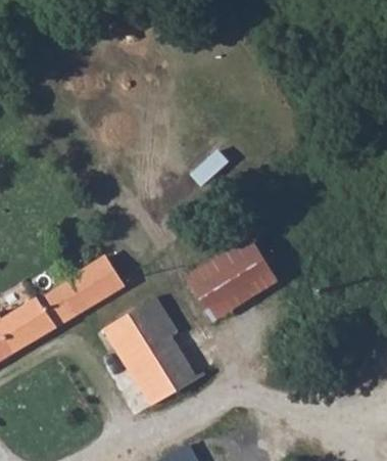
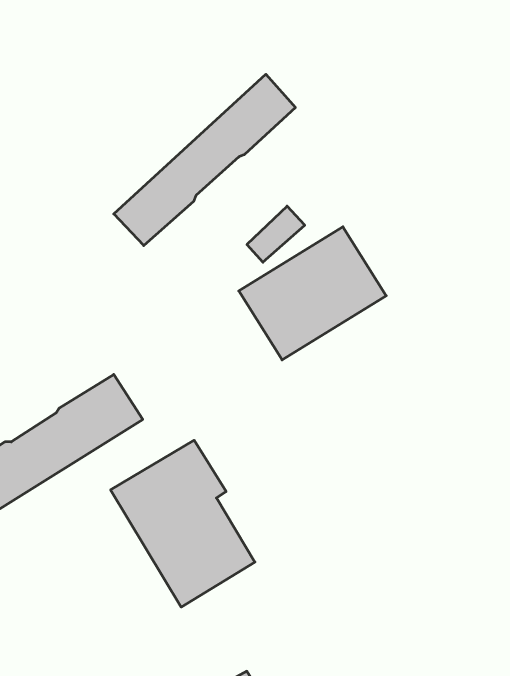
building: none -> [114,74,295,246]
building: [187,237,281,322] -> [239,227,386,360]

